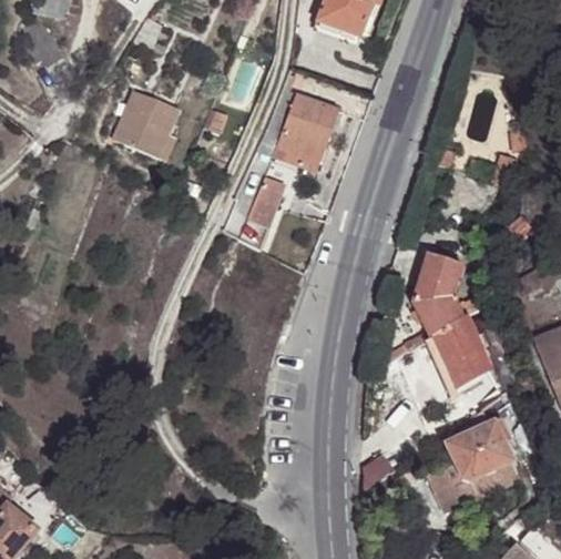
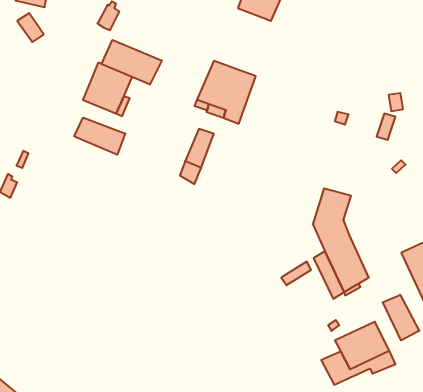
building: none -> [102,40,162,85]
building: none -> [74,118,125,155]
building: none -> [383,295,419,340]

